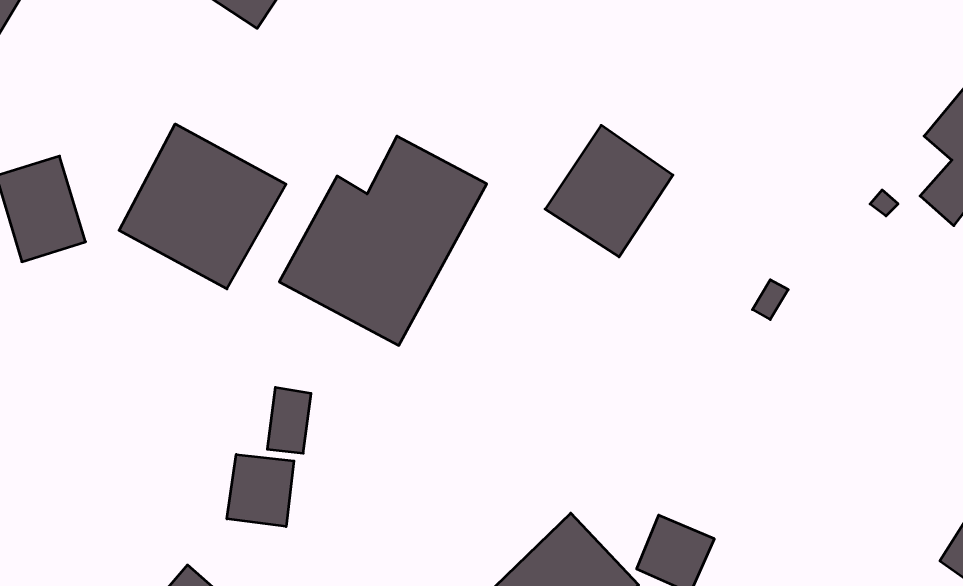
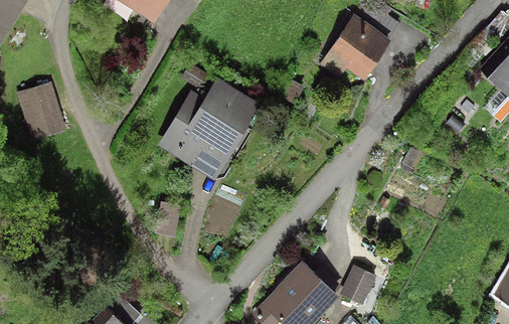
building: [119,124,286,289] -> none
building: [545,125,673,257] -> [324,14,388,80]
building: [227,454,294,527] -> none

